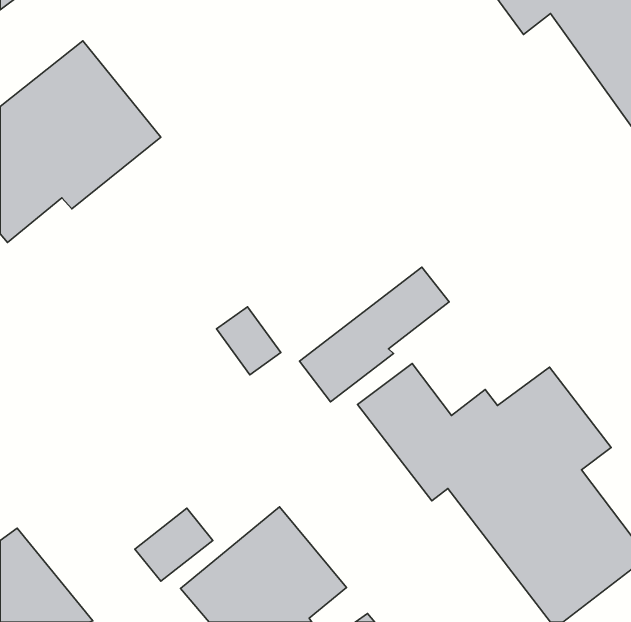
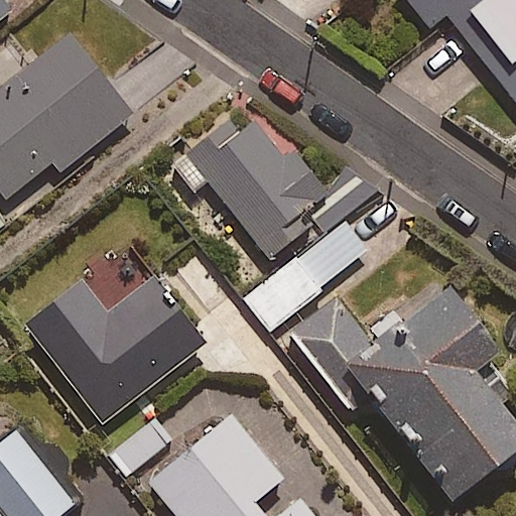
building: none -> [174,110,375,257]
building: none -> [28,277,206,422]

